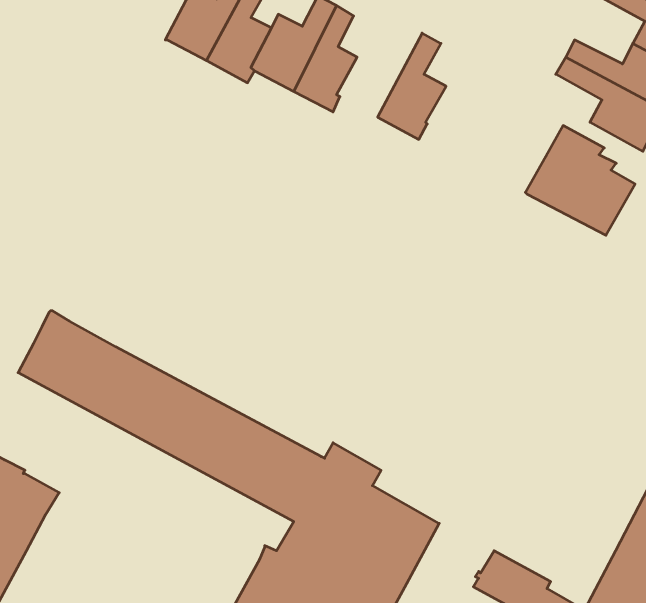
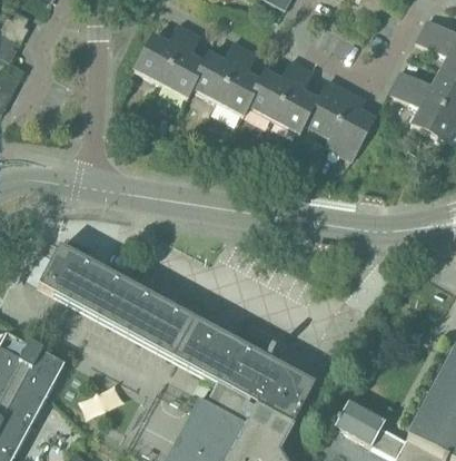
building: none -> [246,58,301,119]
building: [525,126,635,235] -> [304,79,375,150]

